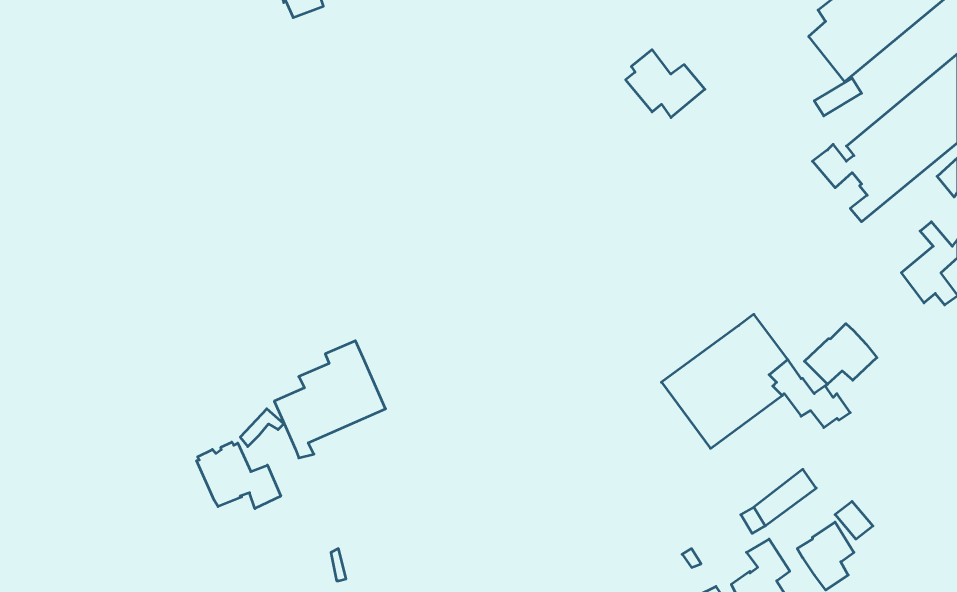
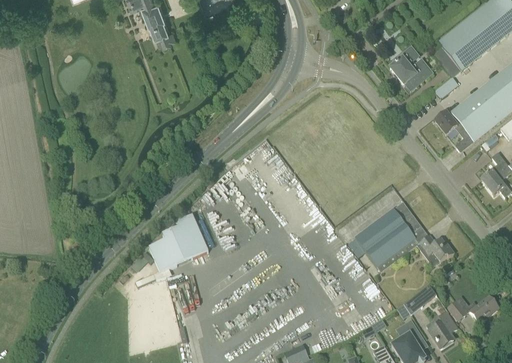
building: [626,50,705,118] -> [390,52,432,88]
building: [804,324,877,384] -> none
building: [197,442,281,509] -> none
building: none -> [469,296,498,323]

